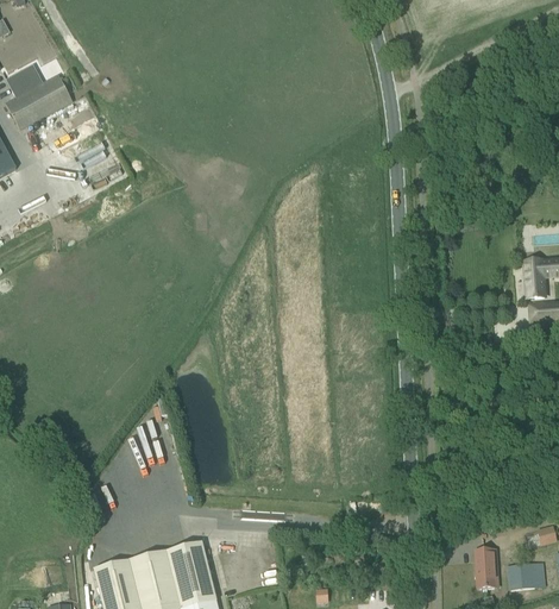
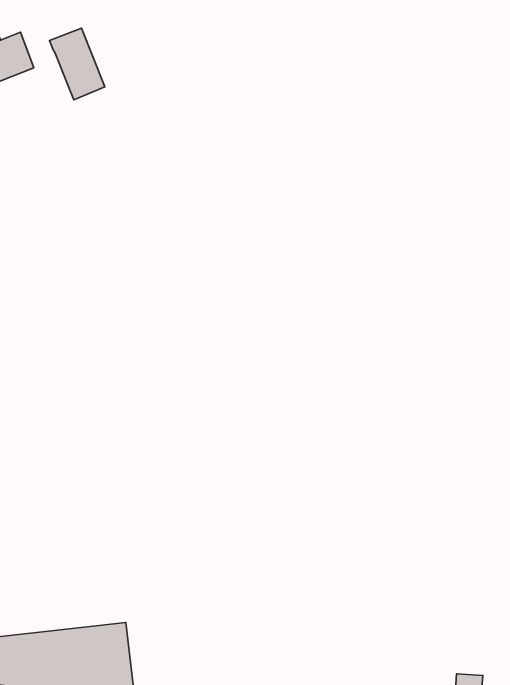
building: none -> [50,28,105,100]

